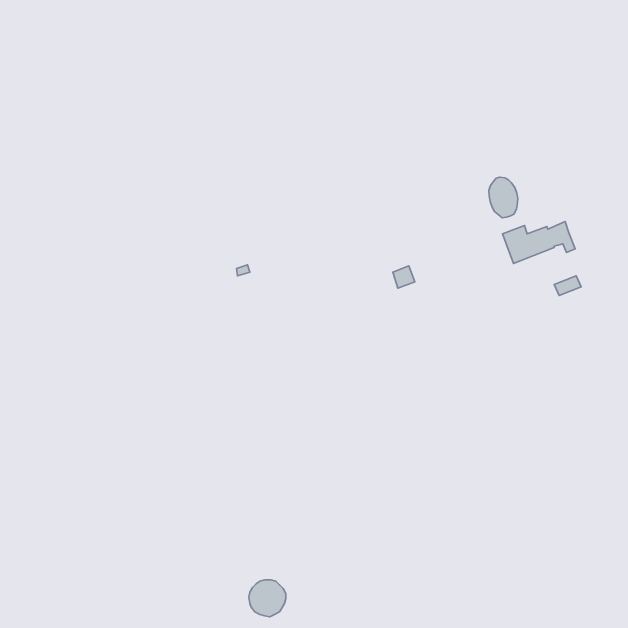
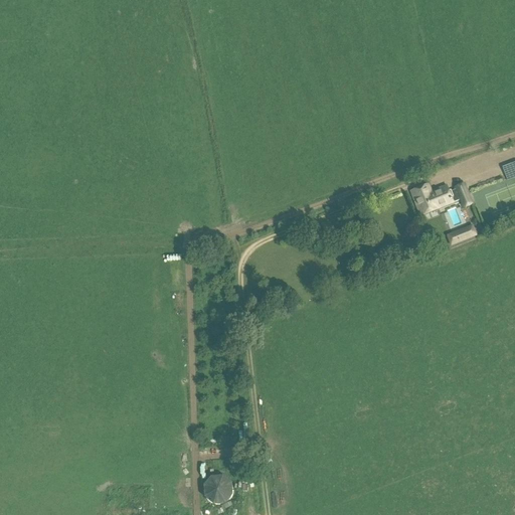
building: [489,177,518,218] -> none

